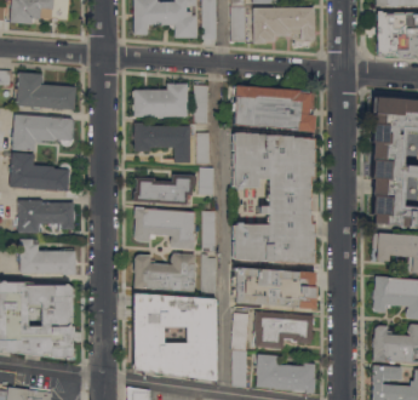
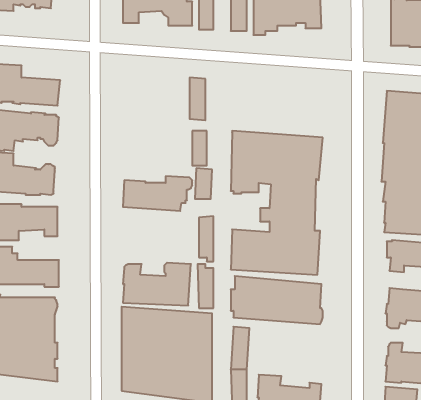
building: [133,84,187,118] -> none
building: [231,86,314,136] -> none
building: [133,124,189,162] -> none
building: [134,207,195,248] -> none
building: [254,313,313,349] -> none

